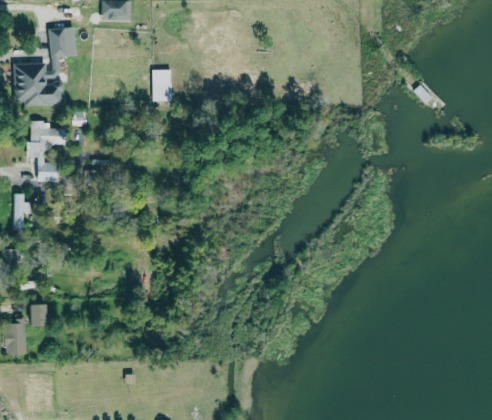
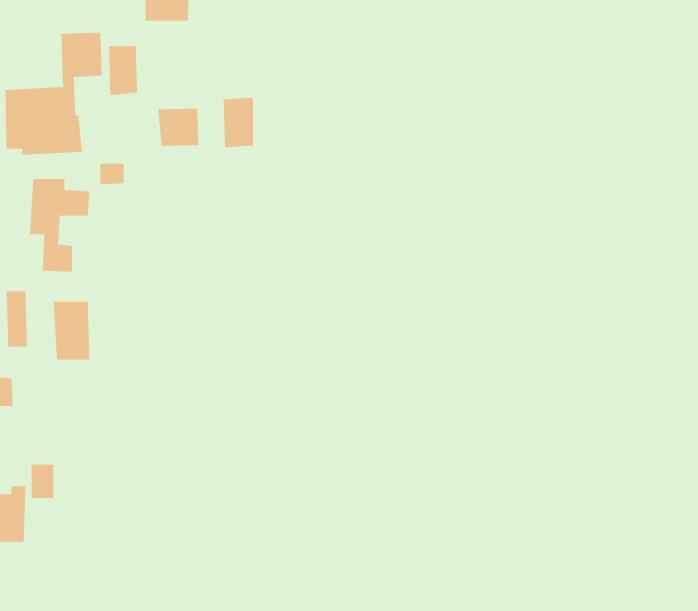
building: none -> [108,45,137,96]
building: none -> [158,108,199,147]
building: none -> [53,301,90,361]

